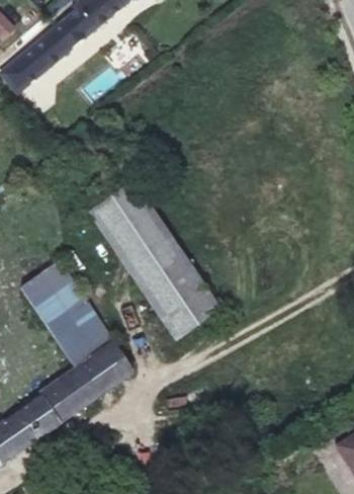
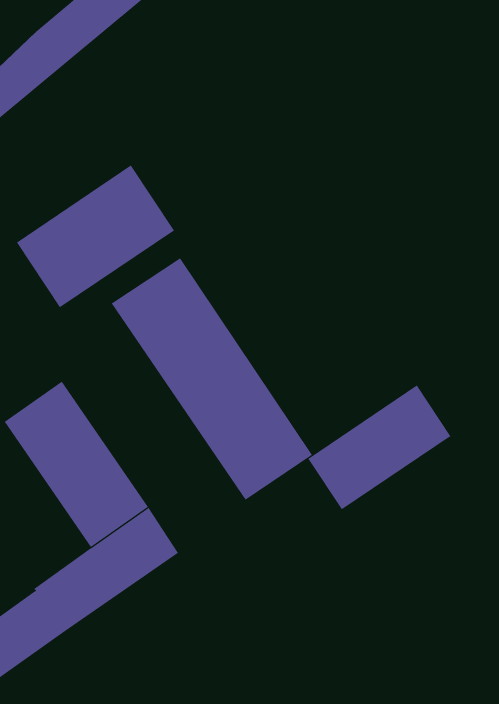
building: none -> [16,165,175,308]
building: none -> [308,385,451,510]

